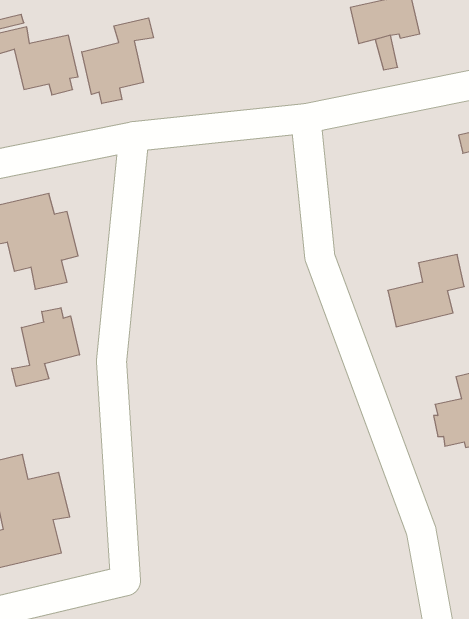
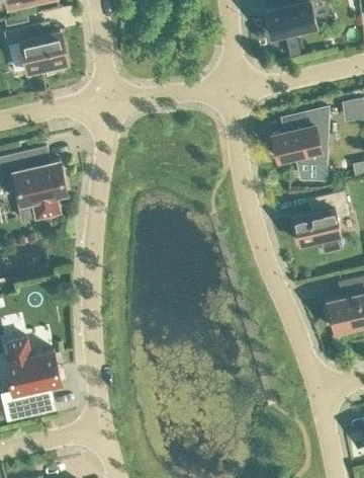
building: [82,18,153,104] -> none
building: none -> [271,108,327,166]
building: [12,308,79,386] -> none

